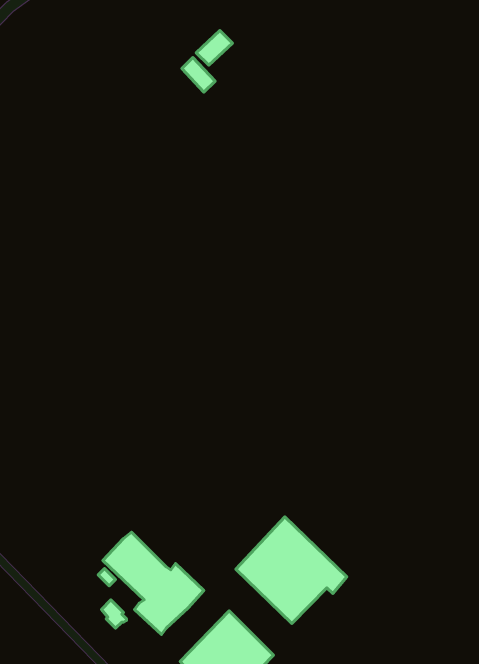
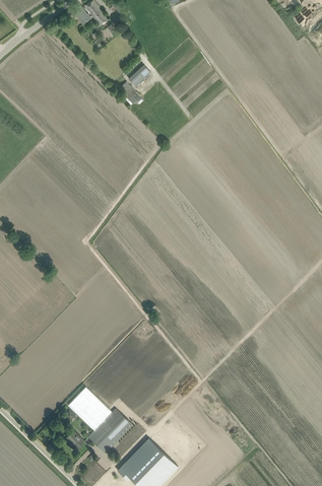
building: [236,517,347,623] -> none

